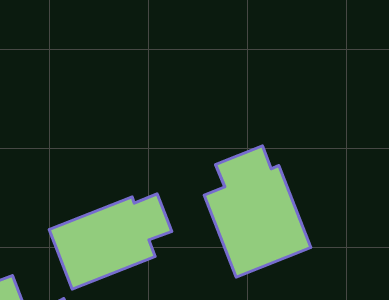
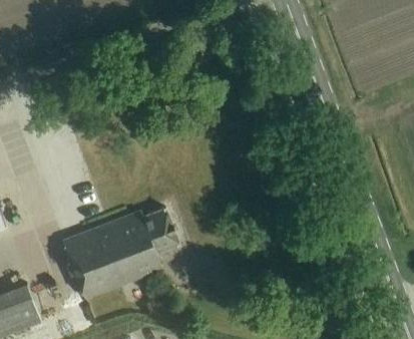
building: [204,146,311,277] -> none

